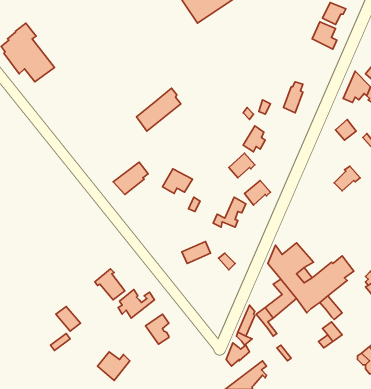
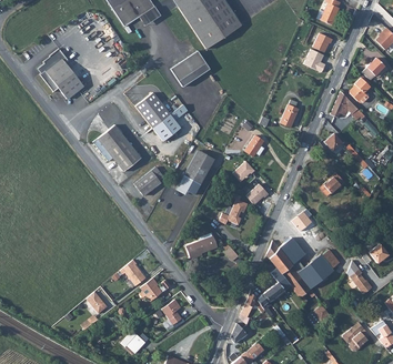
building: none -> [171,52,210,87]
building: none -> [137,94,171,130]
building: none -> [98,125,141,172]
building: none -> [185,151,215,183]

